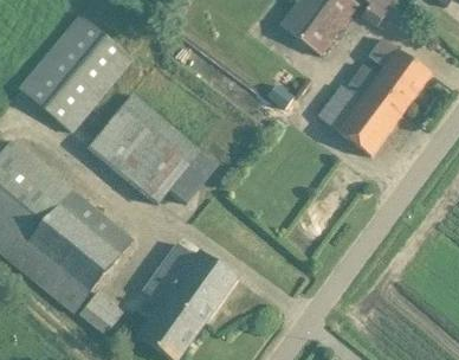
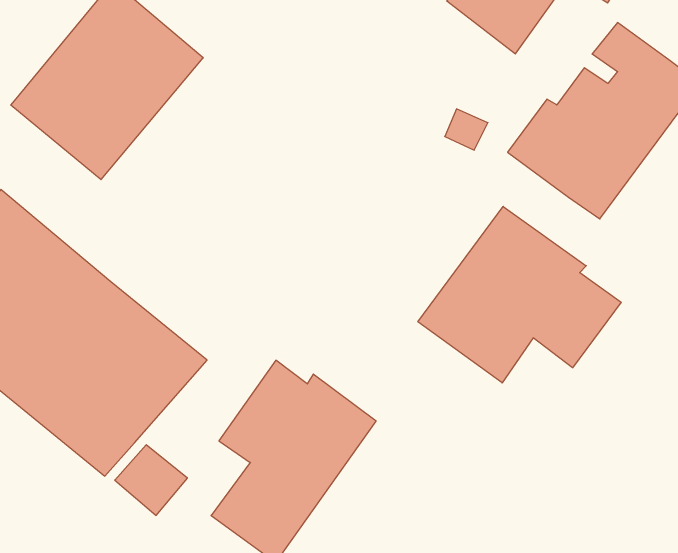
building: [88,92,218,205] -> none
building: none -> [418,206,621,383]

